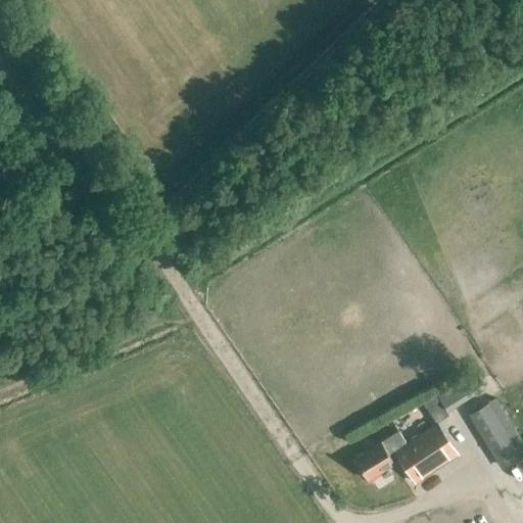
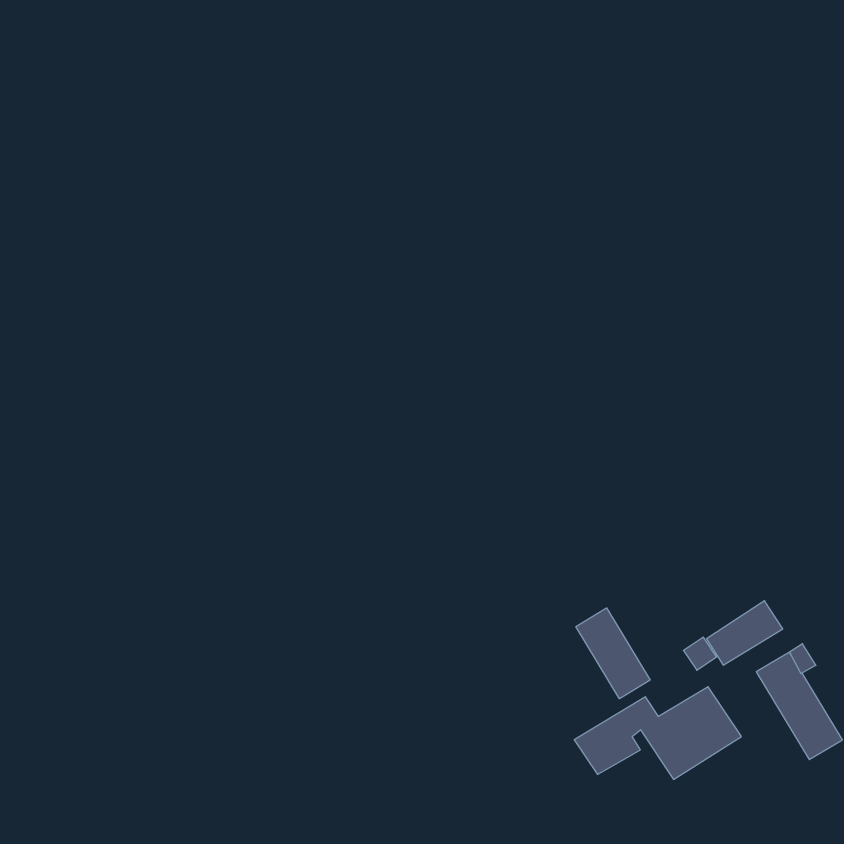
building: none -> [576,608,650,699]

